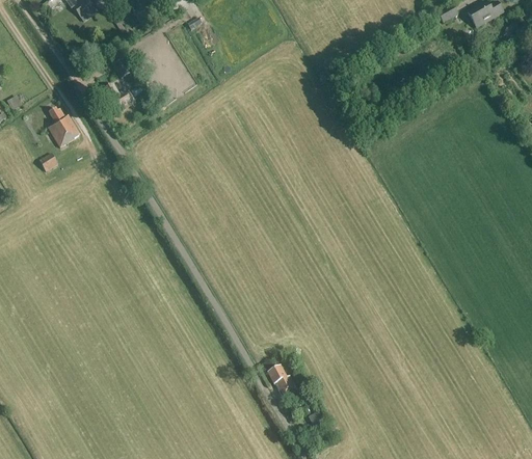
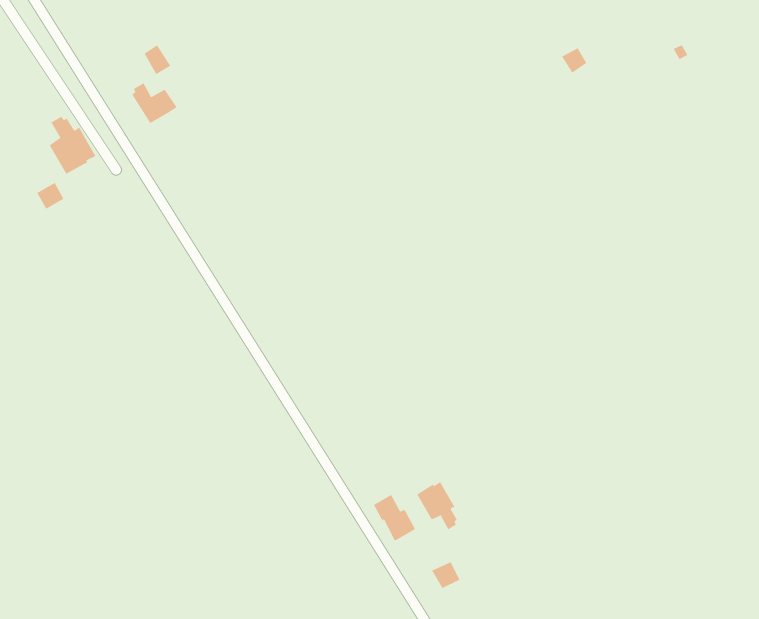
building: none -> [417,481,457,530]

